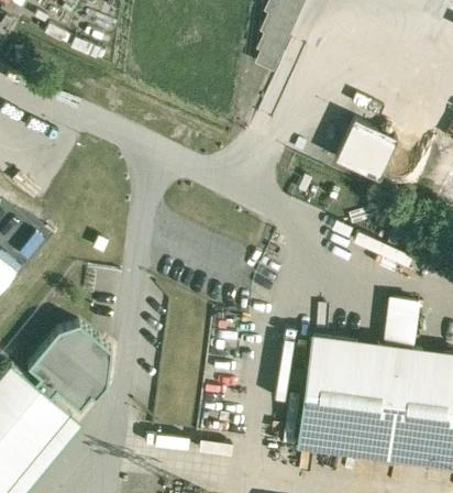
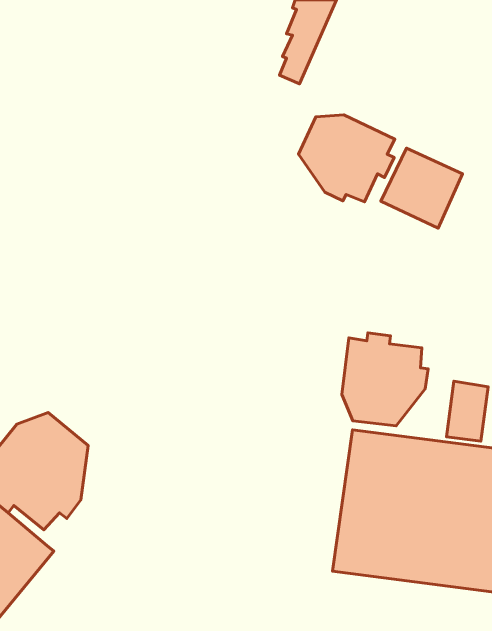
building: none -> [299,115,395,202]
building: none -> [342,333,428,426]

